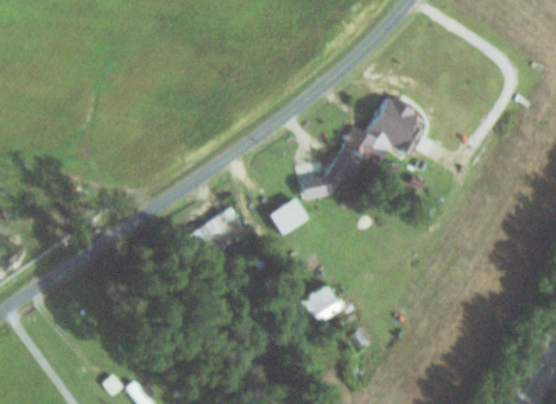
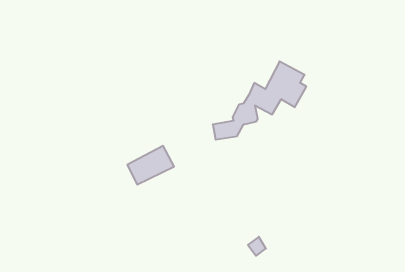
building: [268,198,307,233] -> none
building: [298,283,341,324] -> none

